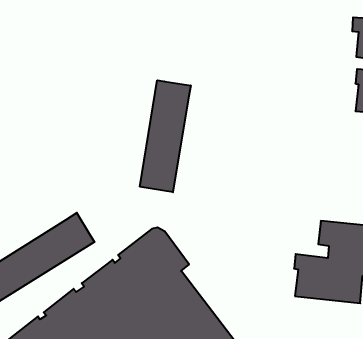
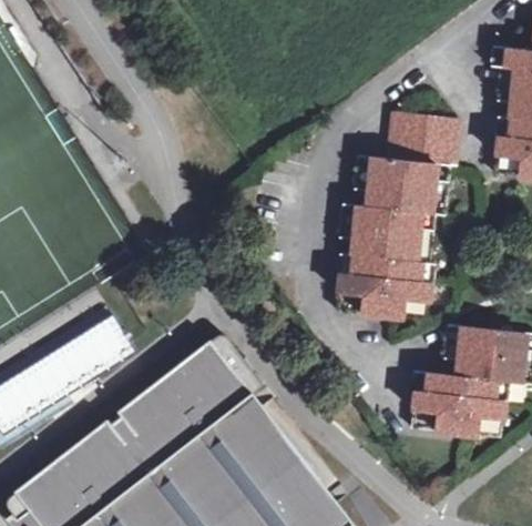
building: none -> [335,112,458,321]
building: [140,80,191,192] -> none

